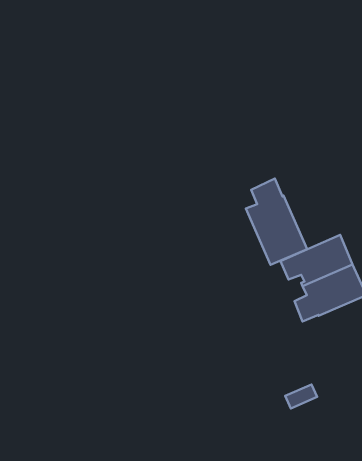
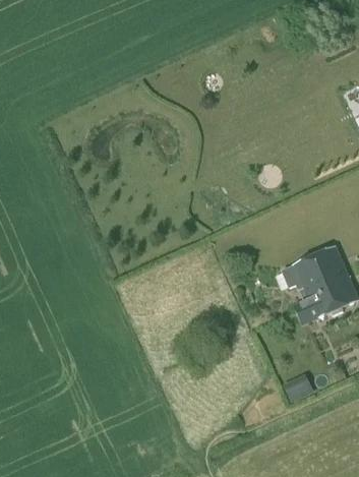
building: [246,179,307,265] -> none

